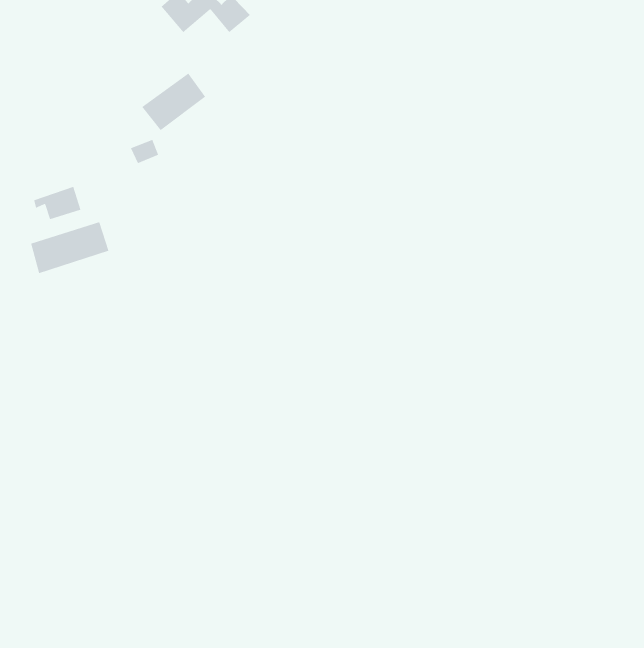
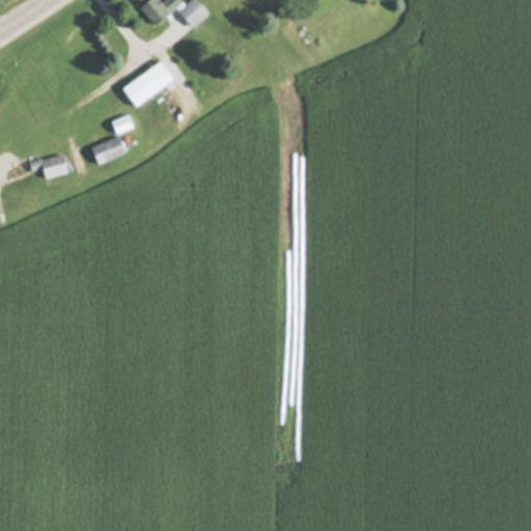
building: none -> [90,134,129,165]
building: [30,221,109,274] -> none

